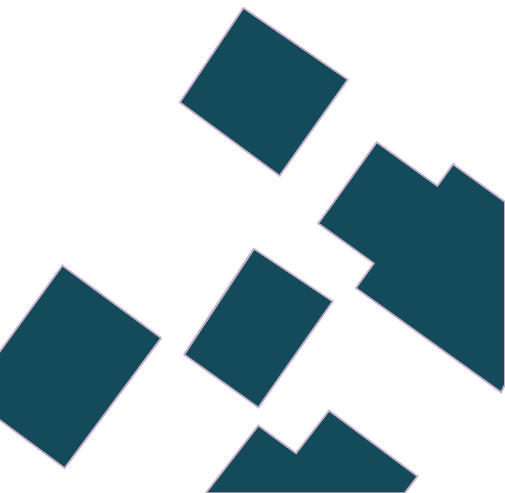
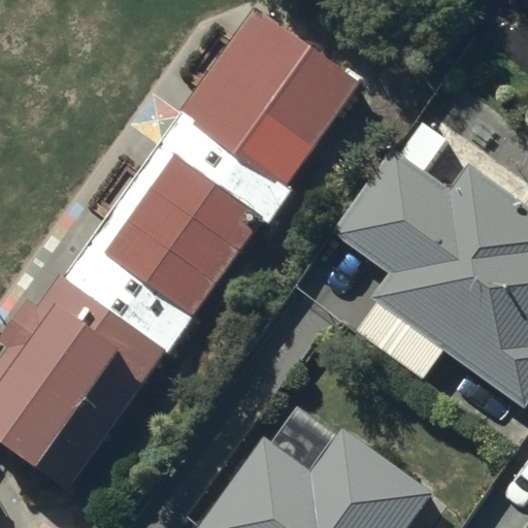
building: none -> [107,159,258,314]
building: [184,249,333,408] -> none

